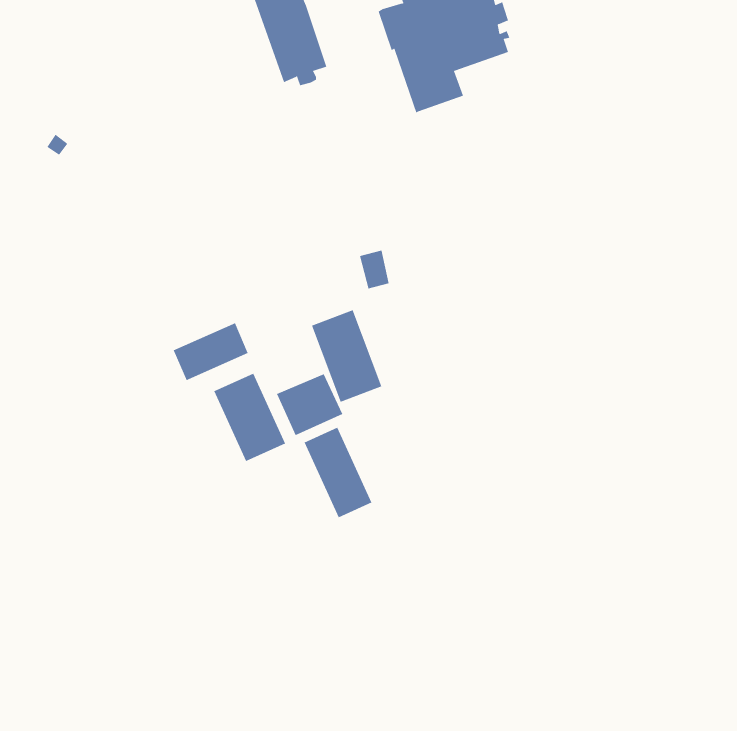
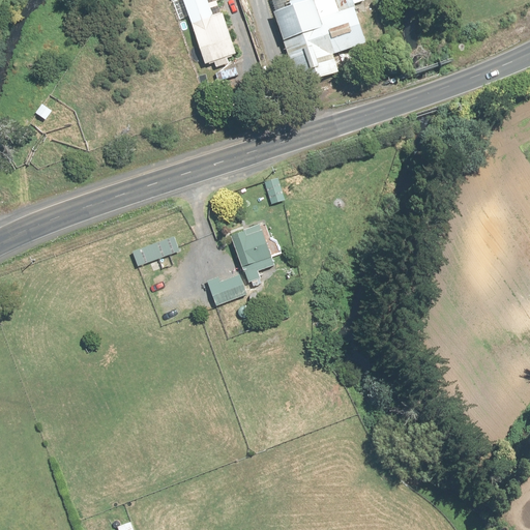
building: [214,373,286,462] -> none
building: [304,427,372,518] -> none

